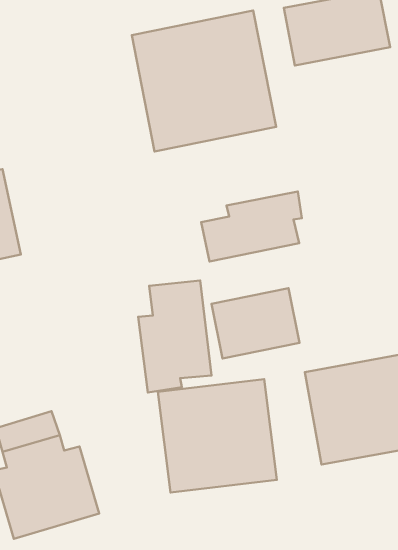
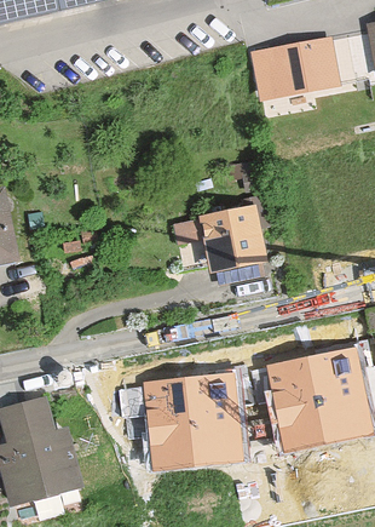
building: [132,10,276,152] -> none
building: [138,280,211,392] -> none
building: [211,288,299,358] -> none

